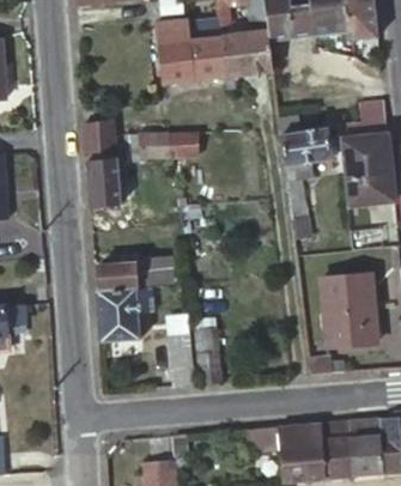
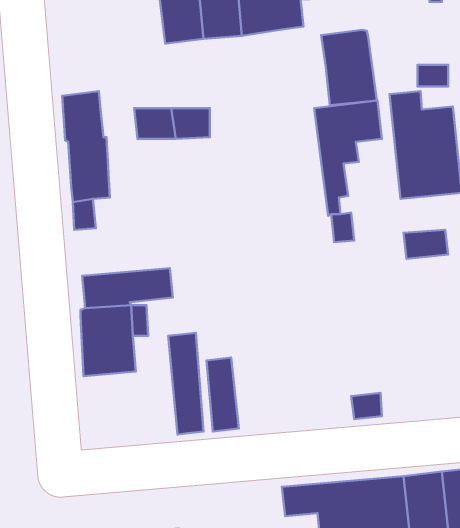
building: none -> [321,30,377,105]
building: [322,273,378,348] -> none

